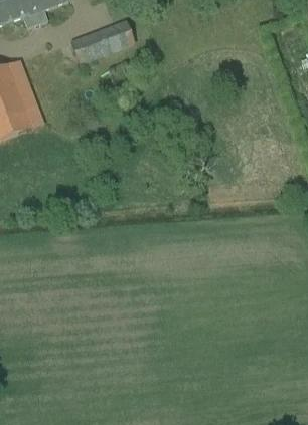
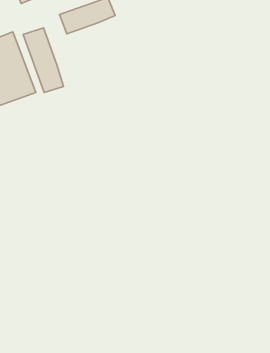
building: none -> [23,28,64,93]

